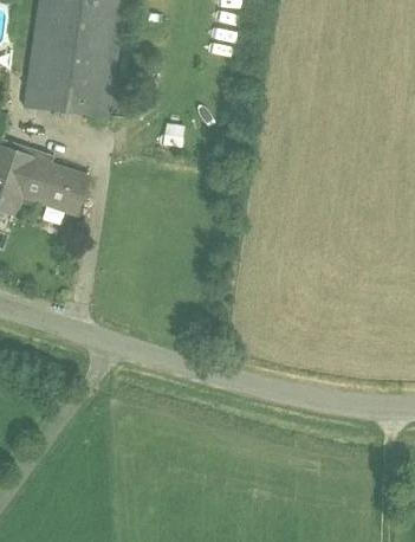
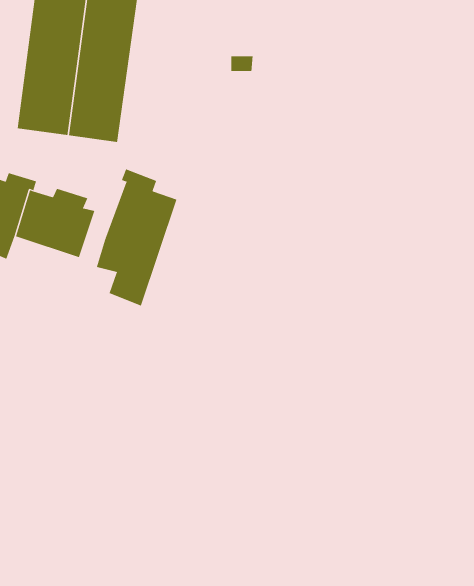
building: none -> [96,169,177,306]

